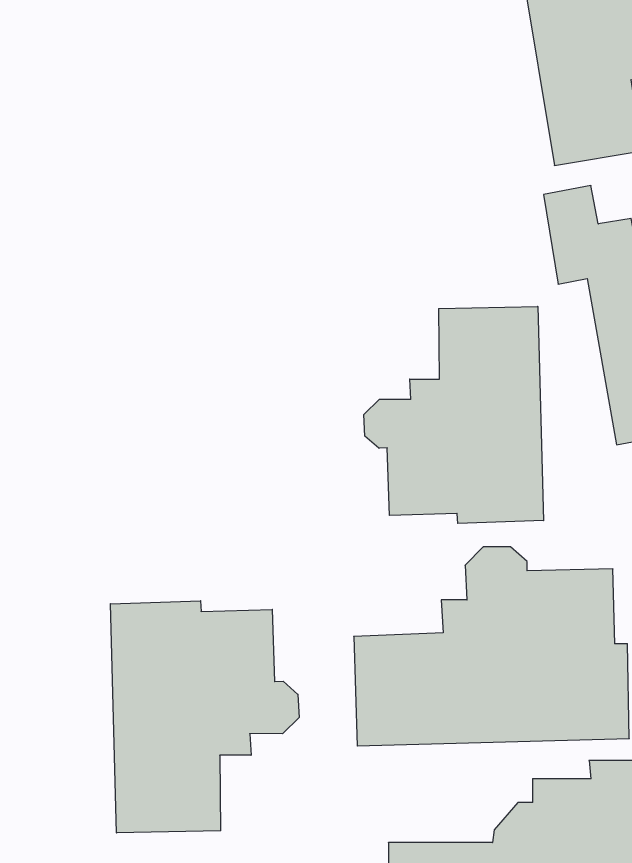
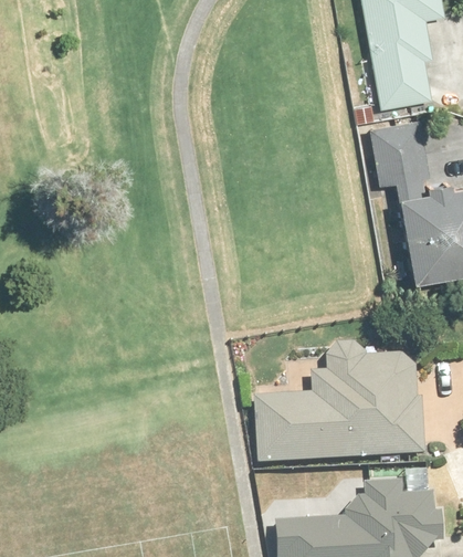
building: [364,306,544,523] -> none
building: [110,601,299,833] -> none

